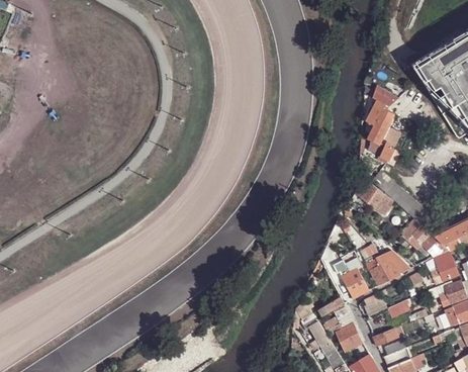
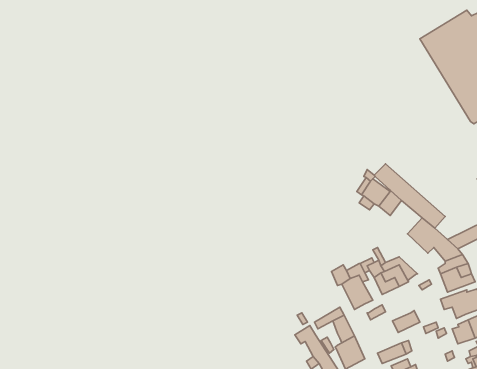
building: [365,86,400,164] -> none

